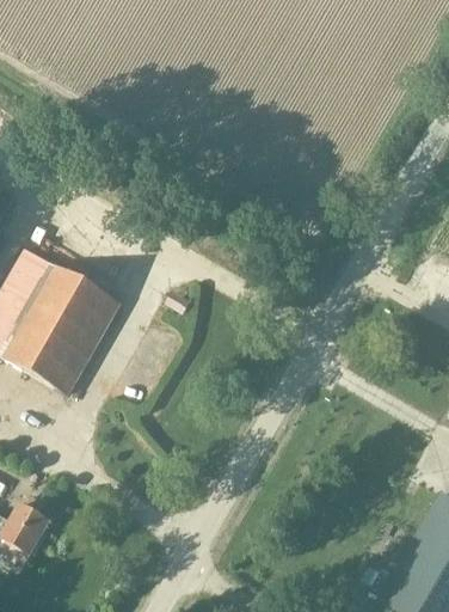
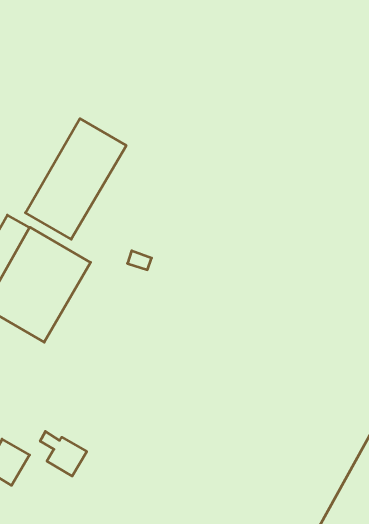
building: none -> [25,119,126,239]
building: none -> [40,431,87,476]

